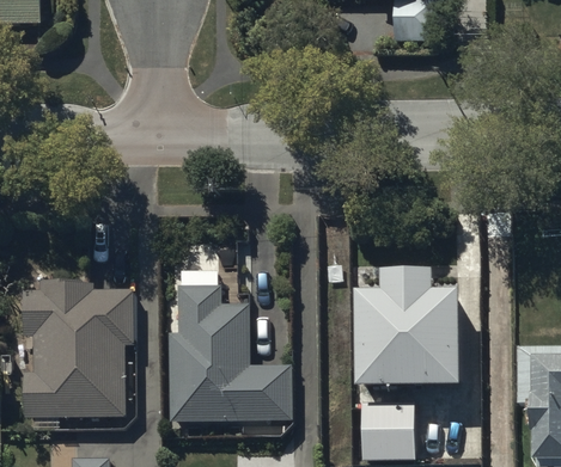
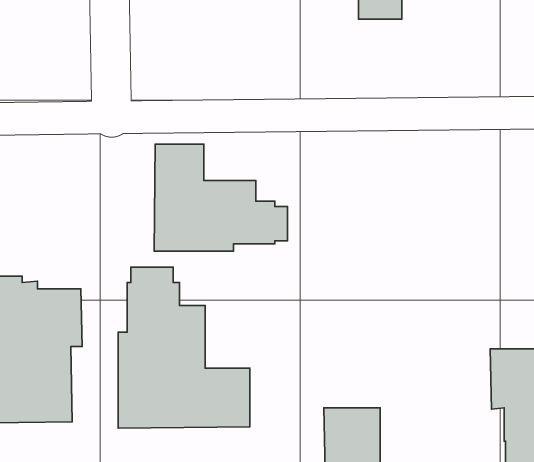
building: none -> [154,144,288,251]
building: [356,271,458,386] -> none

